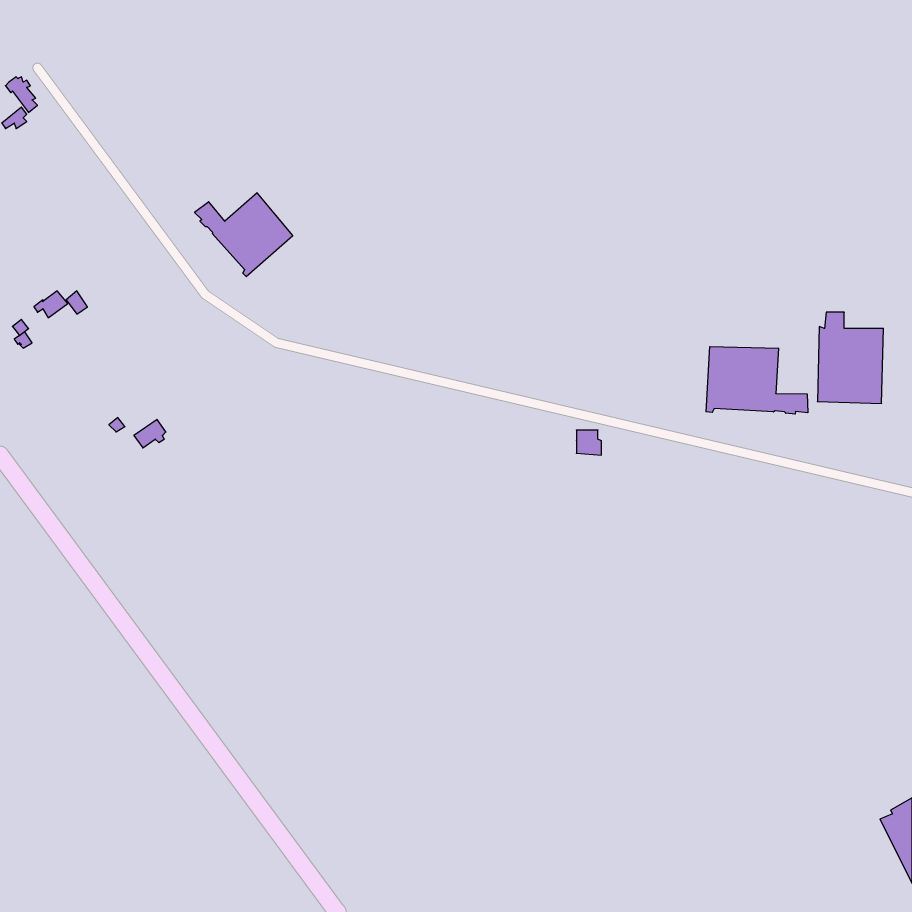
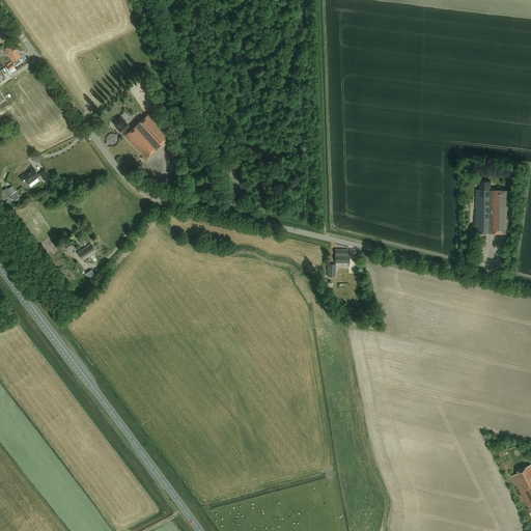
building: [706,347,808,414] -> none

